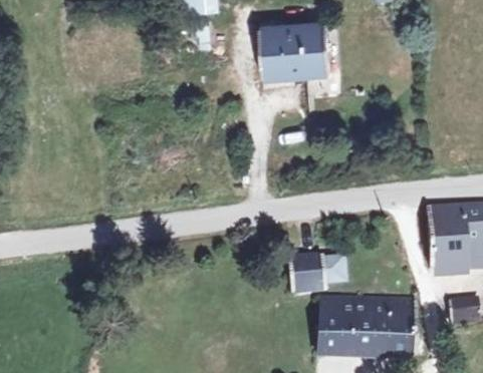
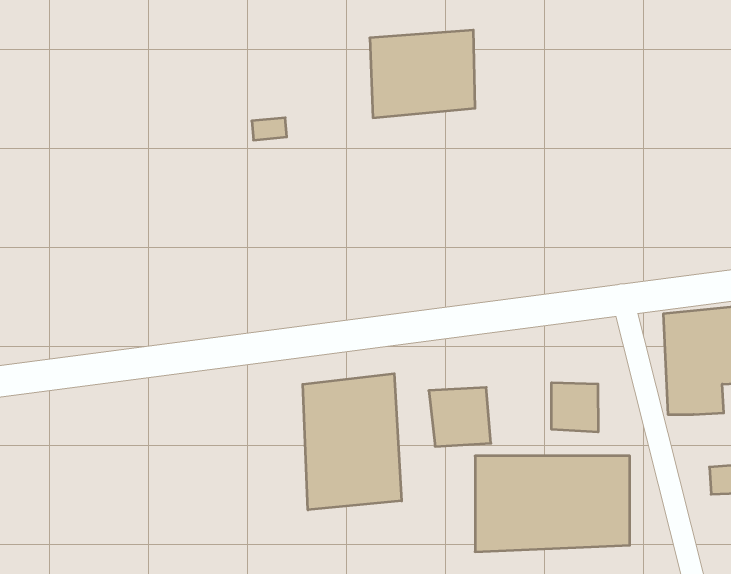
building: none -> [303,374,402,510]
building: none -> [552,383,598,432]

